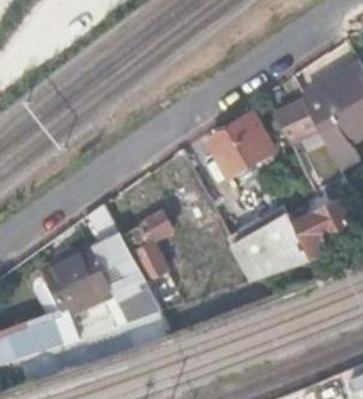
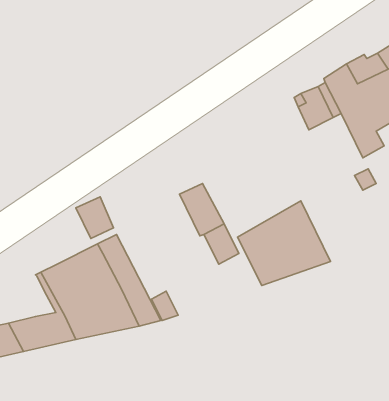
building: [210,115,274,177] -> none
building: [288,203,350,260] -> none
building: [125,215,171,280] -> none

